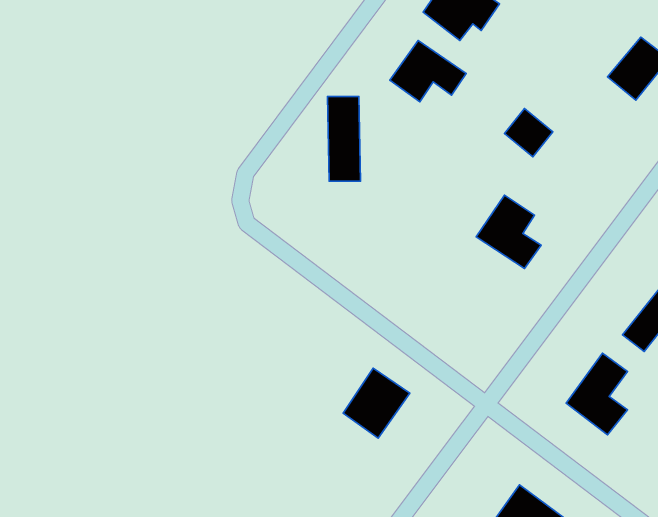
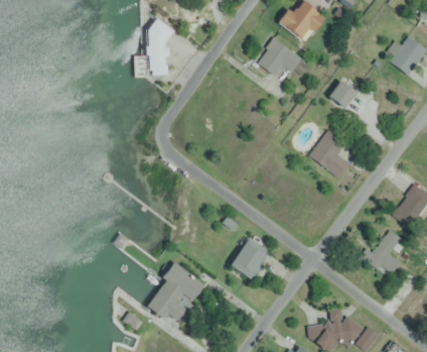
building: [327,96,361,181] -> [147,24,167,76]
building: none -> [147,261,204,321]

